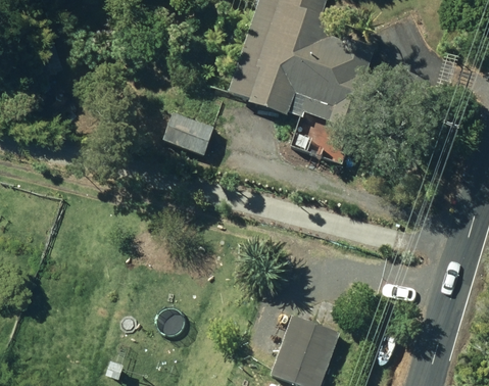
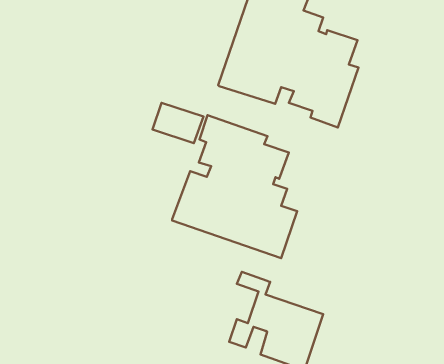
building: none -> [172,115,297,258]

